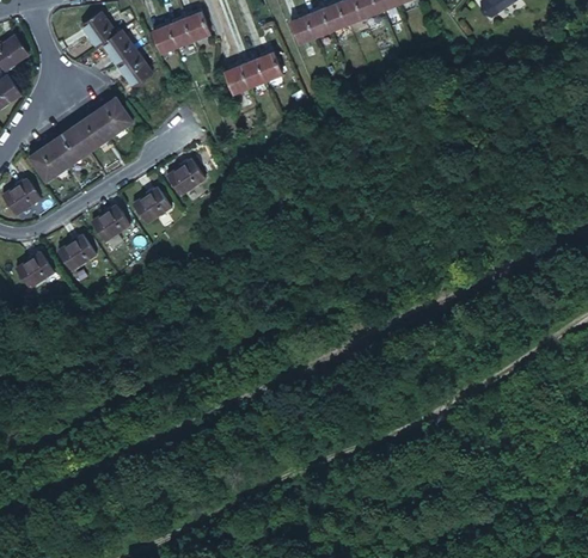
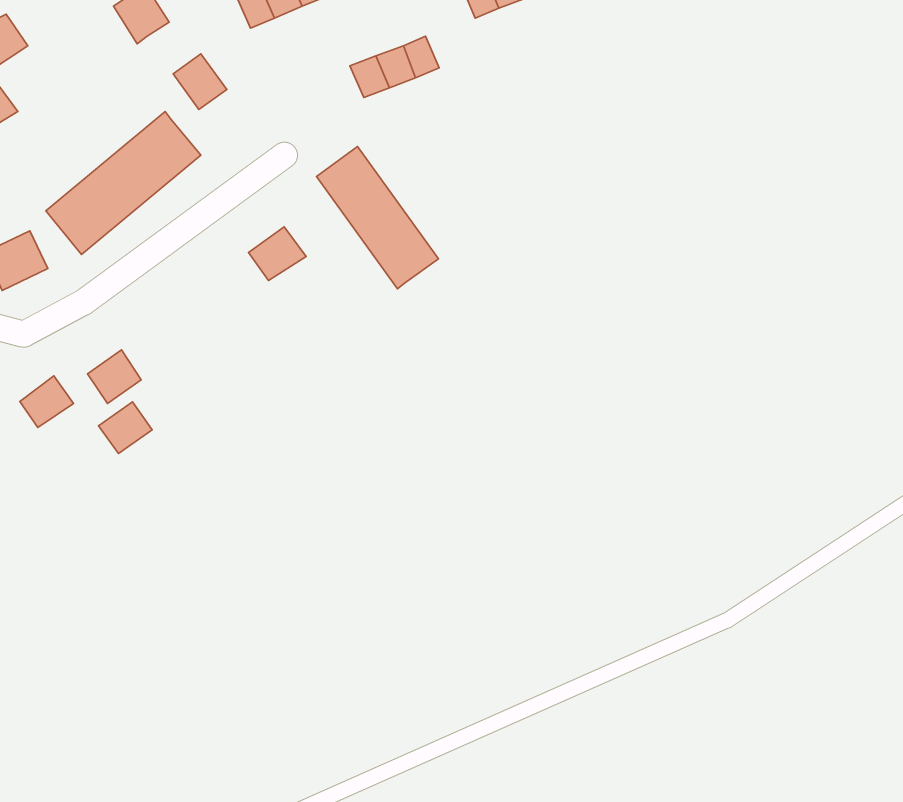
building: [102,39,134,74] -> none
building: none -> [316,146,439,289]
building: [133,195,166,227] -> none
building: [93,211,125,243] -> [99,402,152,454]

